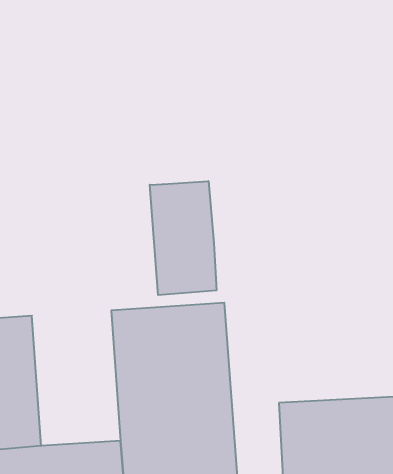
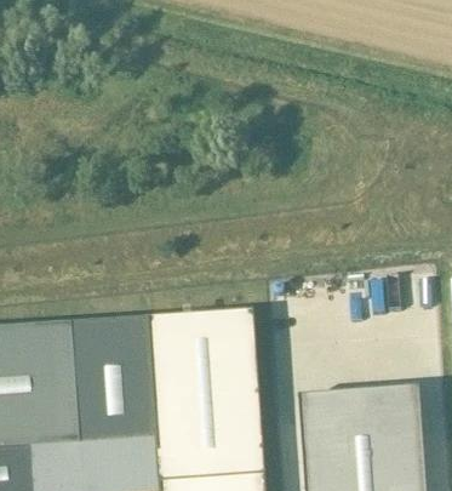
building: [150,181,216,295] -> none
building: none -> [74,315,156,441]

